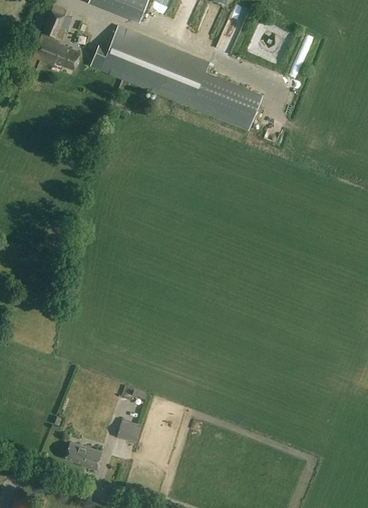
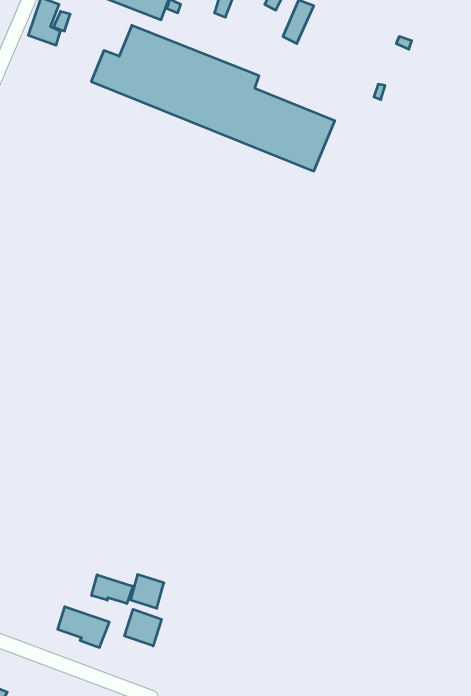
building: [31,34,79,68] -> none
building: none -> [92,575,133,604]
building: none -> [125,609,161,646]

